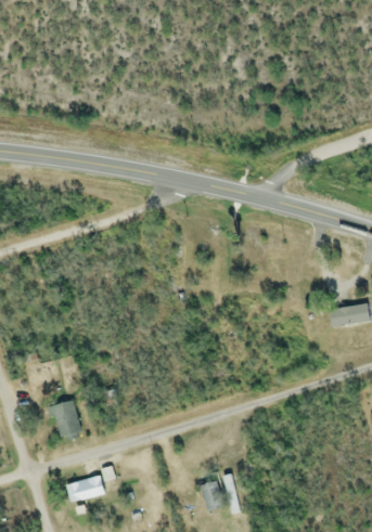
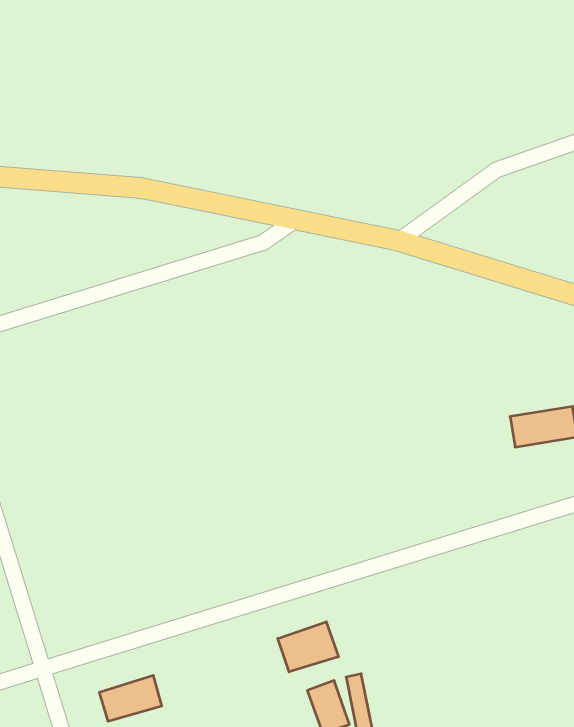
building: [49,400,82,440] -> none
building: none -> [278,622,338,672]

